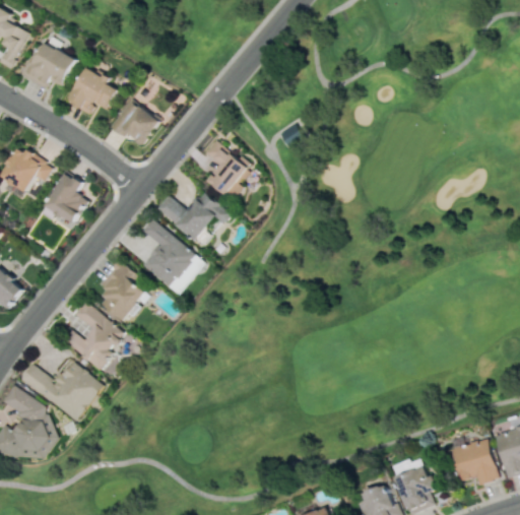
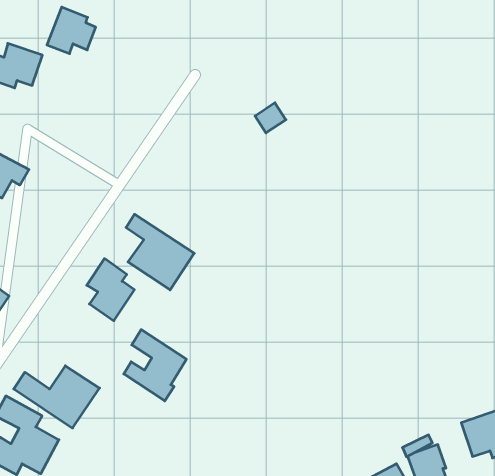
building: [68,67,117,113] -> [47,7,96,54]
building: [109,100,158,143] -> none
building: [204,139,249,195] -> none
building: [45,173,88,224] -> none
building: [156,192,231,246] -> none
building: [64,301,126,372] -> [124,330,186,401]

